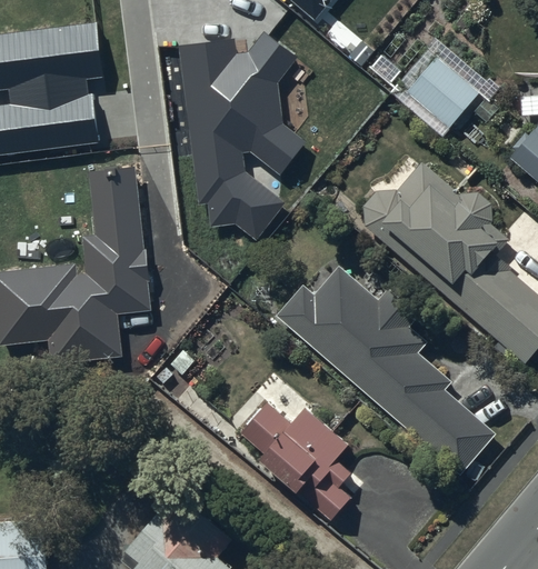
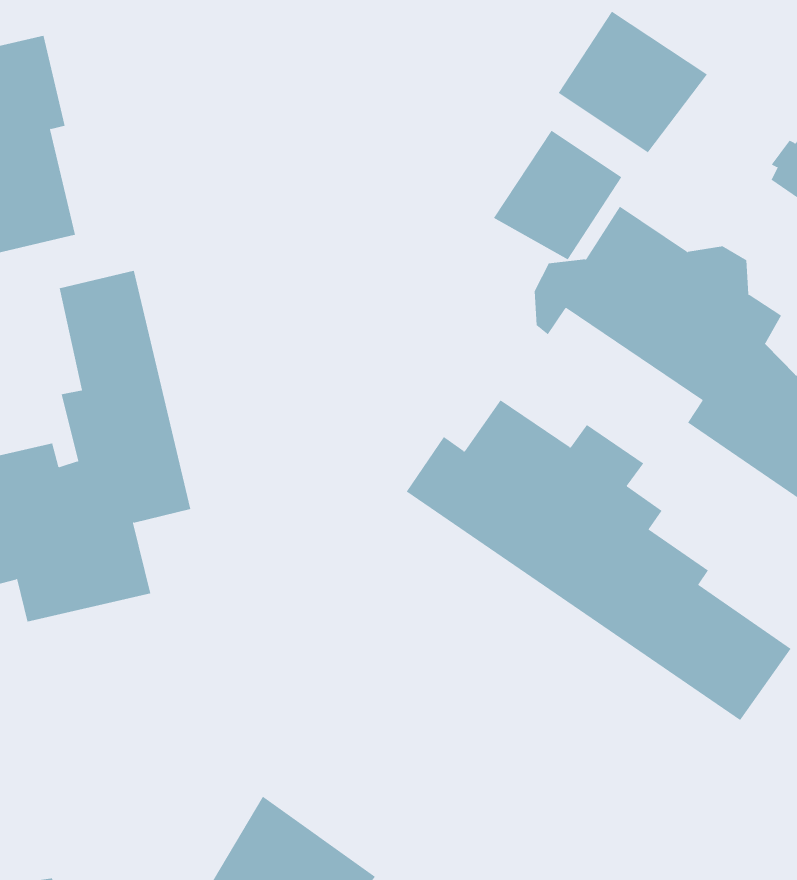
building: [177,33,307,242] -> none
building: none -> [493,130,622,260]
building: [239,400,363,521] -> none

